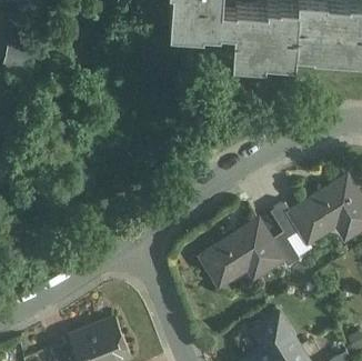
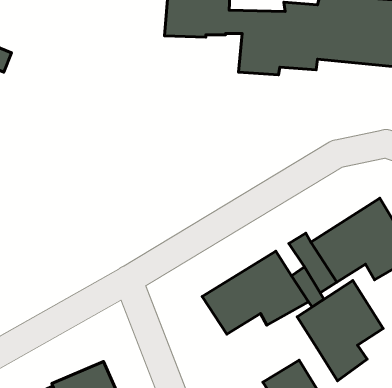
building: none -> [297,280,383,381]

